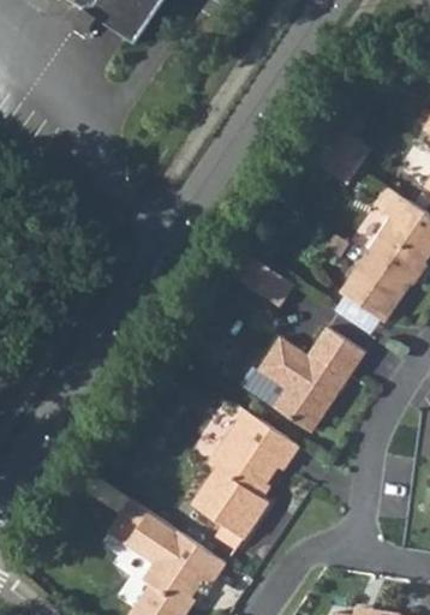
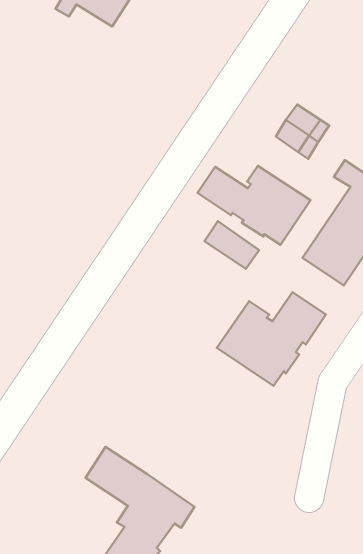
building: none -> [197,166,311,245]
building: [191,410,299,545] -> none

